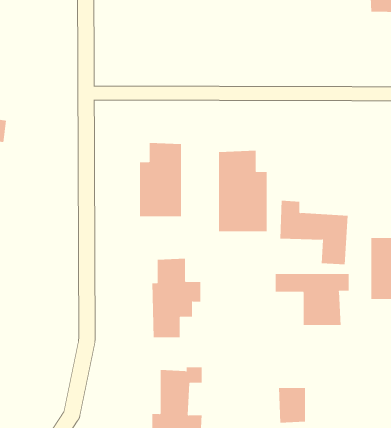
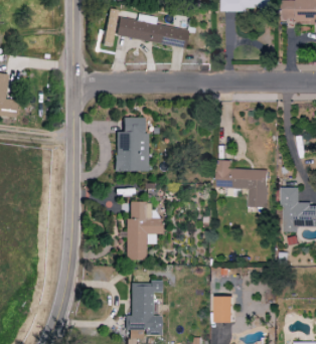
building: none -> [114,18,186,46]
building: [219,150,267,232] -> none
building: [275,273,349,326] -> none

